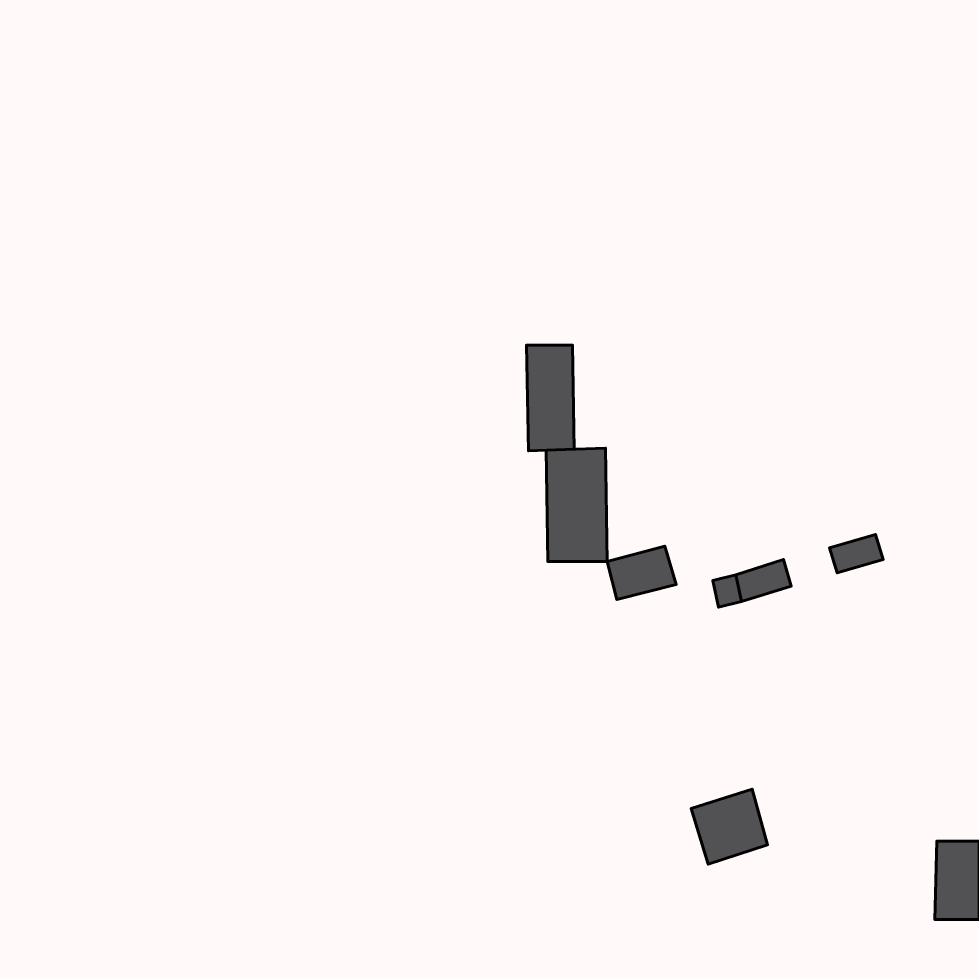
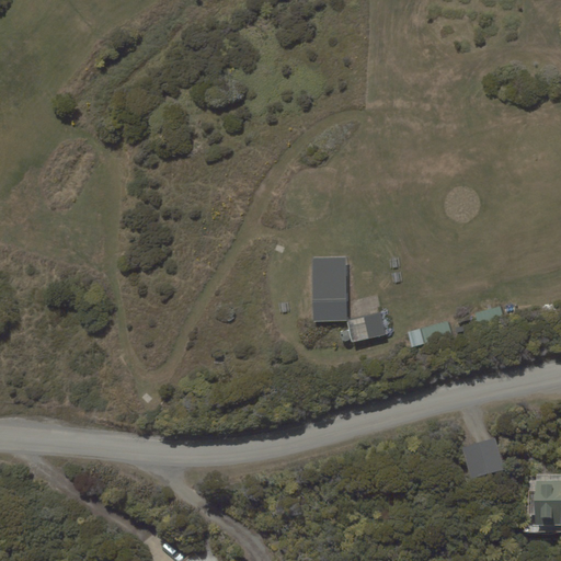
building: [527,345,574,451] -> none
building: [691,789,768,864] -> [461,437,505,480]

